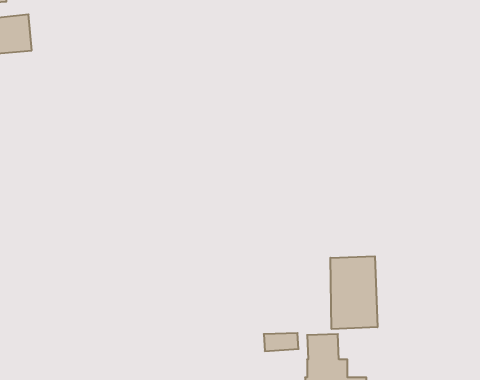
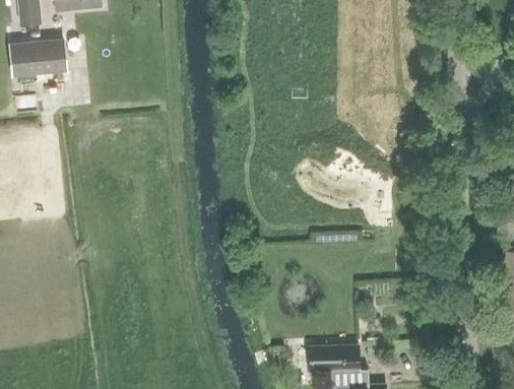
building: [330,256,377,329] -> none

